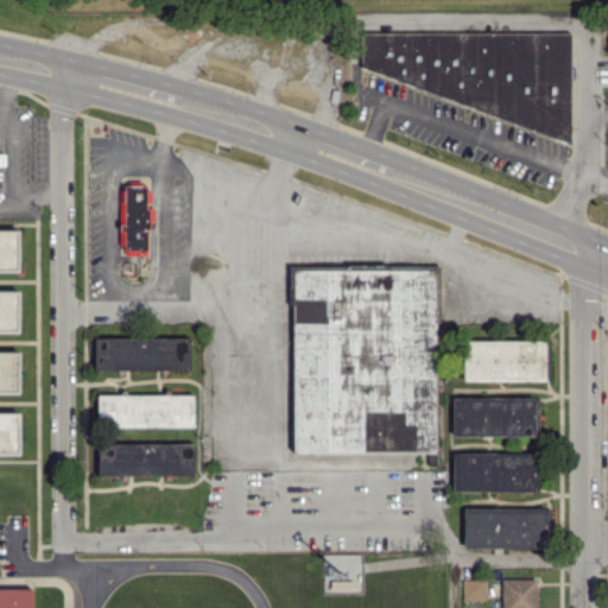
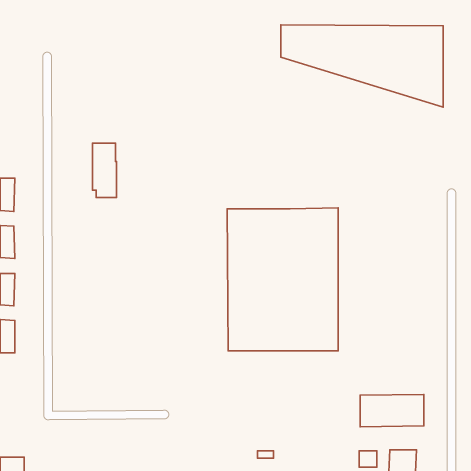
building: [95,338,191,372] -> none
building: [463,341,546,382] -> none
building: [97,394,194,428] -> none
building: [452,398,538,437] -> none
building: [97,443,194,477] -> none
building: [452,452,538,493] -> none

